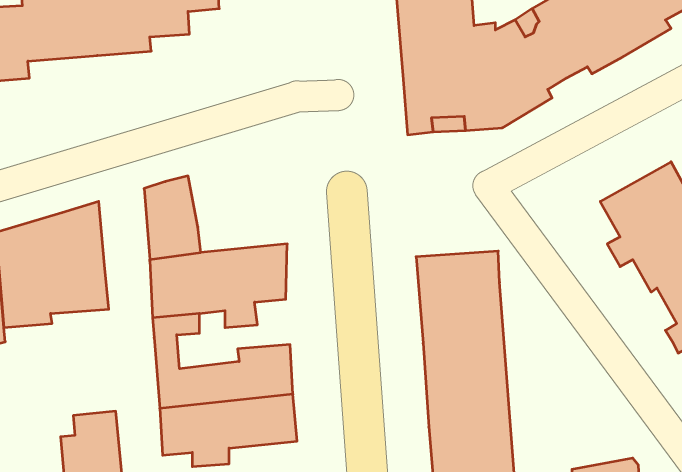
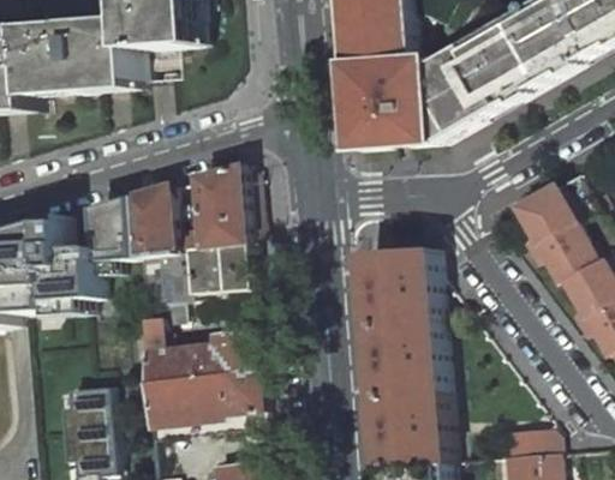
building: none -> [173,161,249,248]
building: none -> [89,194,132,259]

